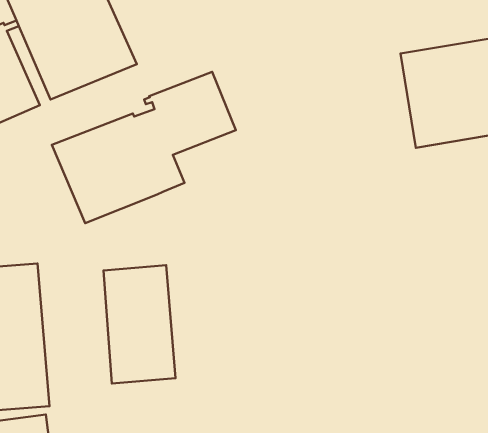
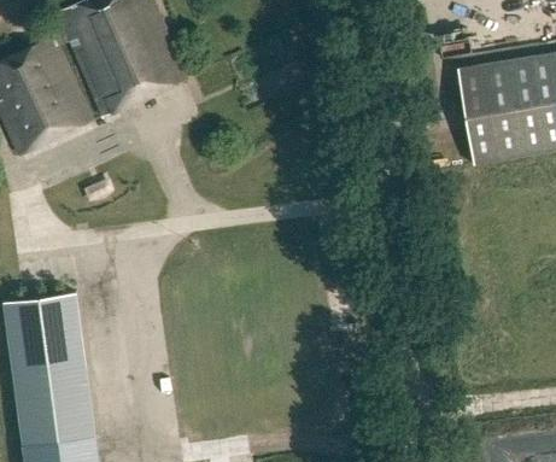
building: [52,72,236,223] -> none
building: [104,265,175,384] -> none

